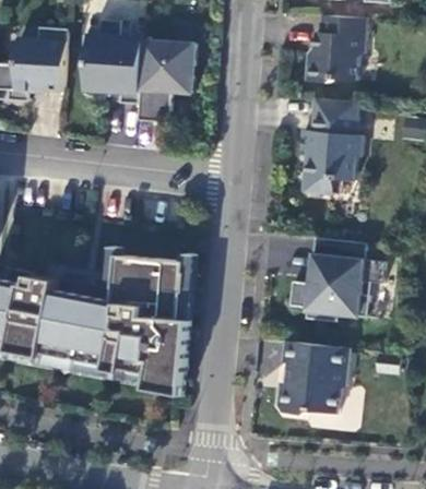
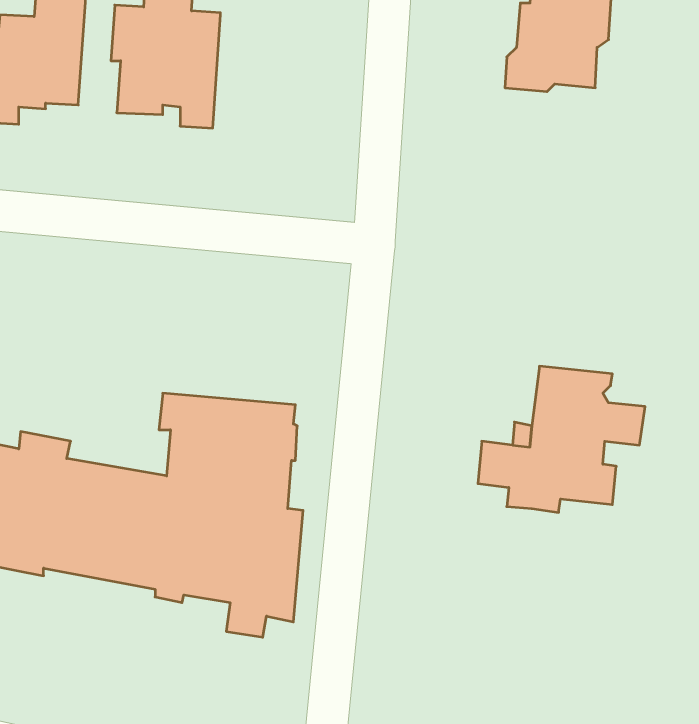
building: [138,40,194,123] -> none
building: [299,99,362,195] -> none
building: [276,342,348,416] -> none

